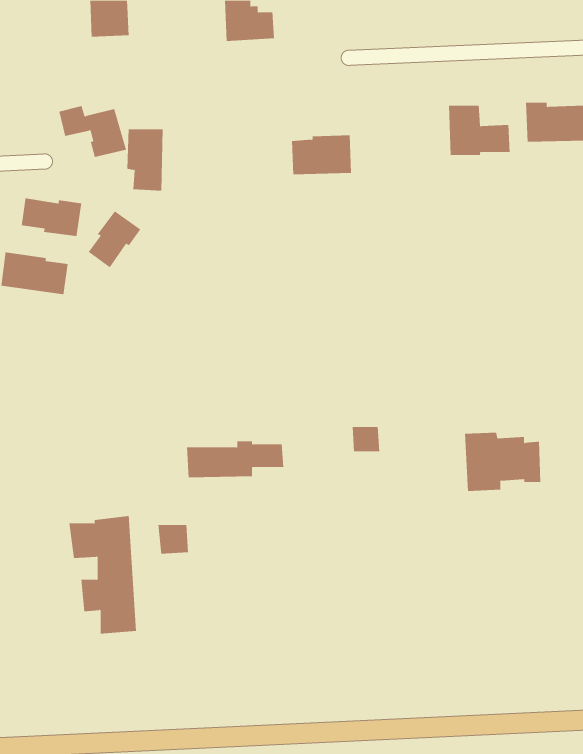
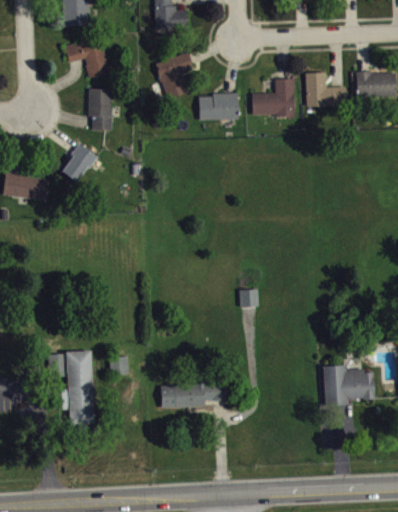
building: none -> [155,52,193,99]
building: [59,106,127,157] -> [64,42,110,77]
building: none -> [251,79,295,117]
building: [21,197,82,237] -> none
building: [464,432,541,491] -> [322,366,374,406]
building: [186,441,284,478] -> [160,382,226,407]

